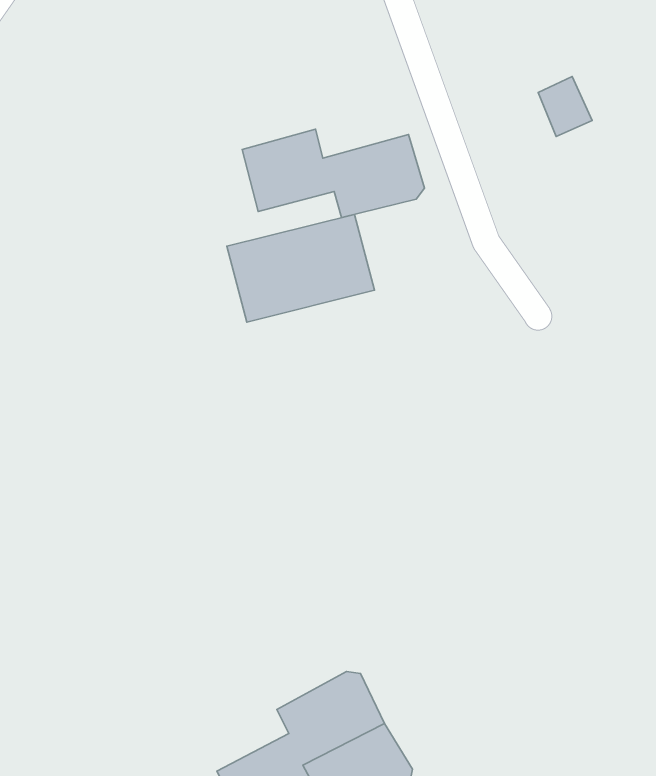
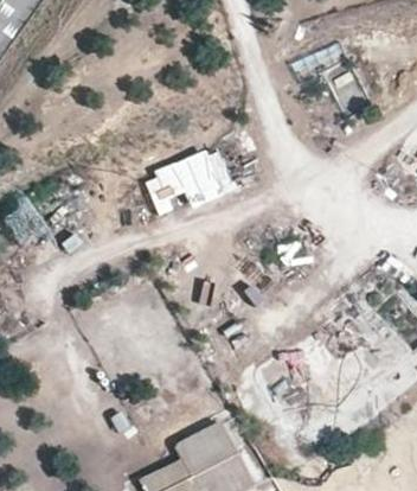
building: [242,129,425,218] -> none

